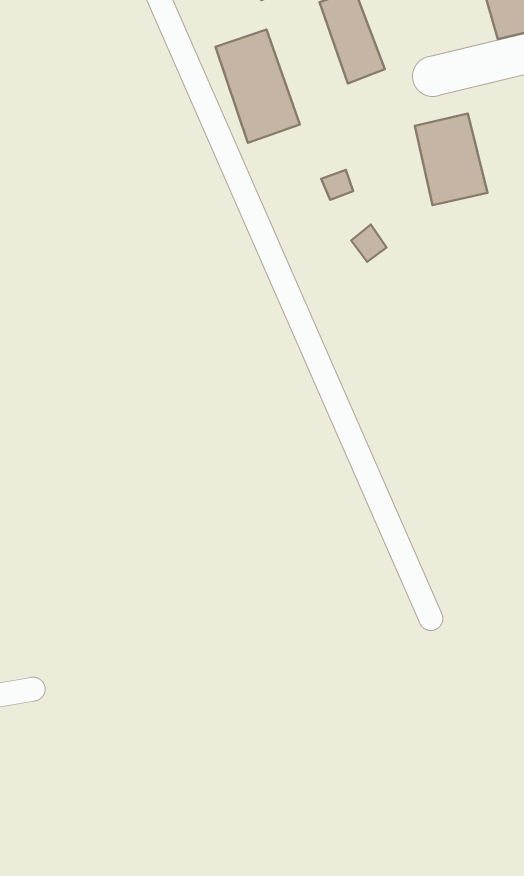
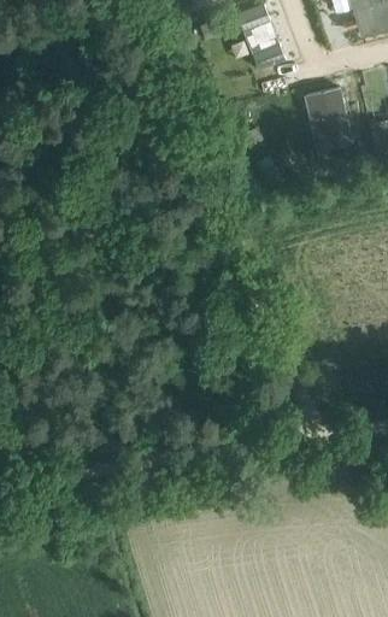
building: [216,29,300,143] -> none

